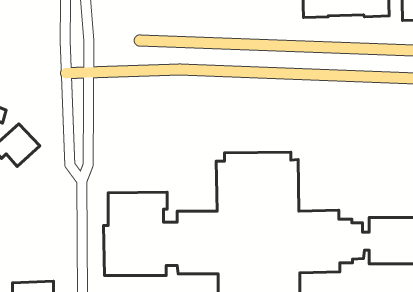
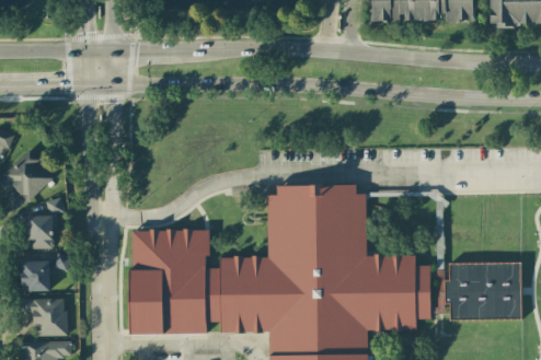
building: none -> [26,199,61,249]
building: none -> [20,262,49,291]
building: none -> [21,299,66,336]

